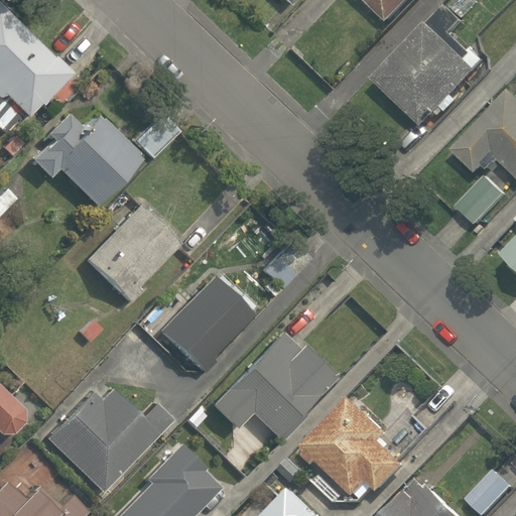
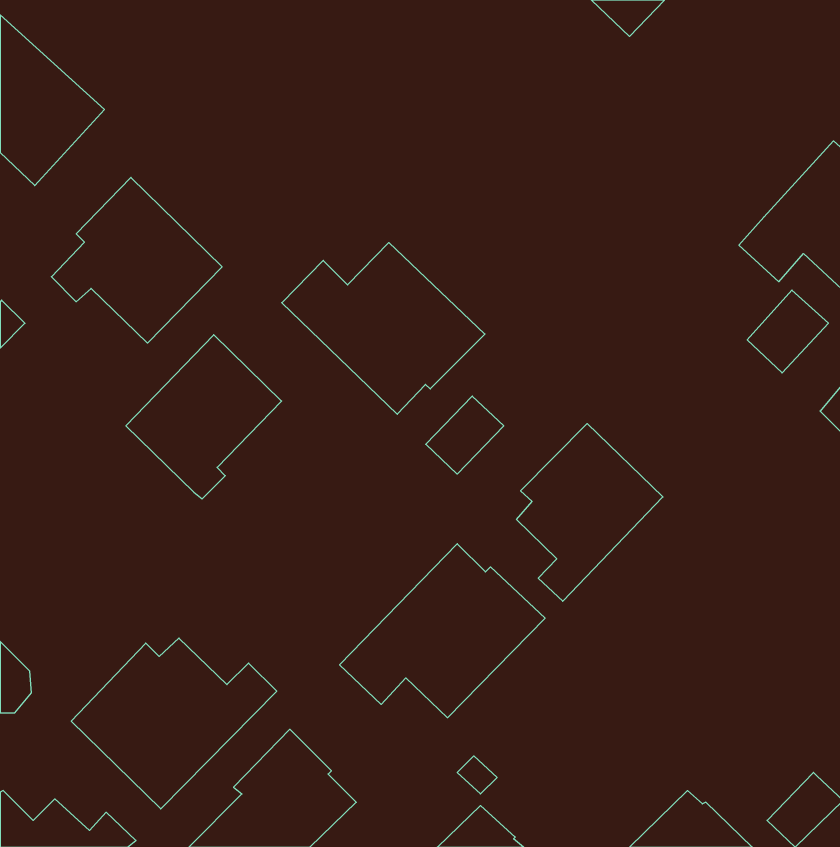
building: [374,19,481,126] -> none
building: none -> [282,243,485,414]
building: none -> [517,424,663,601]
building: [160,275,253,374] -> none
building: [305,398,408,498] -> none

